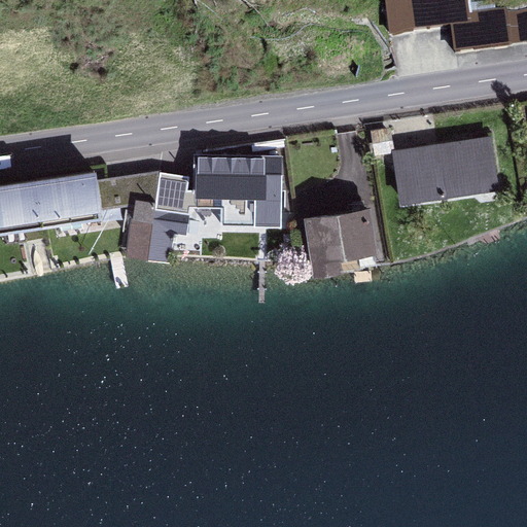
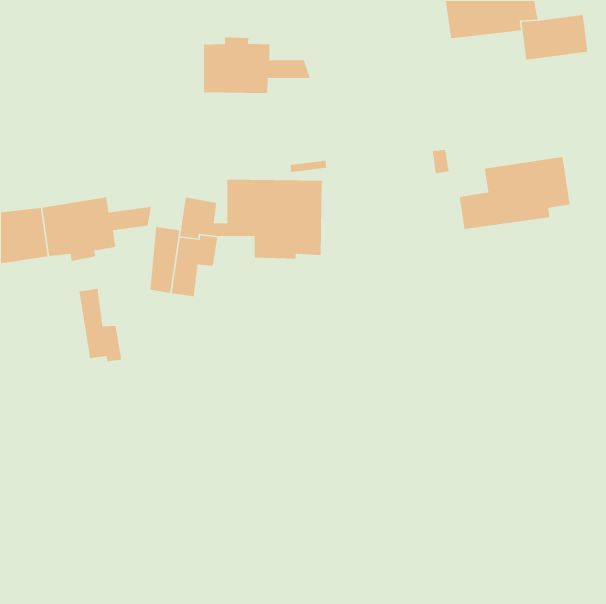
building: none -> [203,36,311,94]
building: [309,210,372,271] -> none
building: none -> [79,288,122,362]

